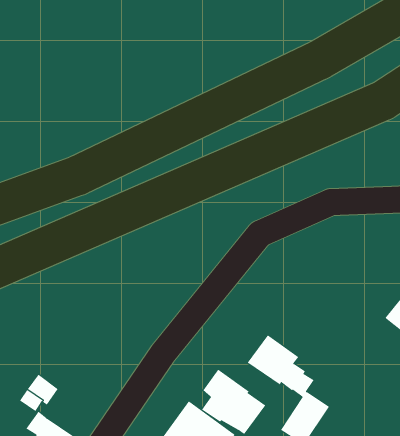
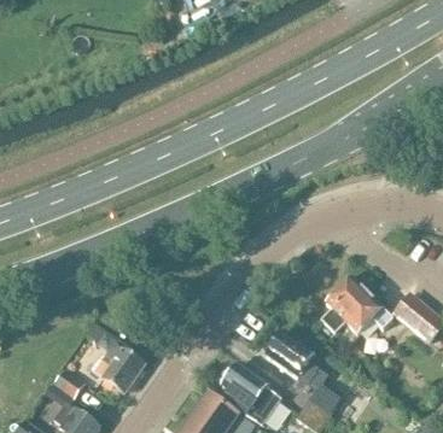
building: none -> [322,276,391,332]
building: none -> [100,341,144,392]

